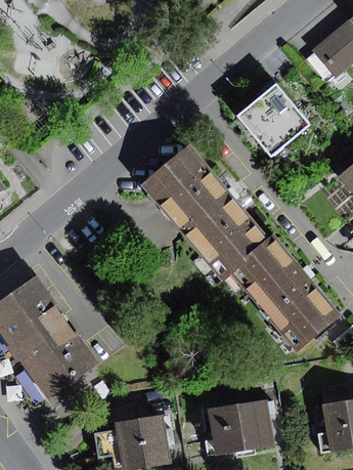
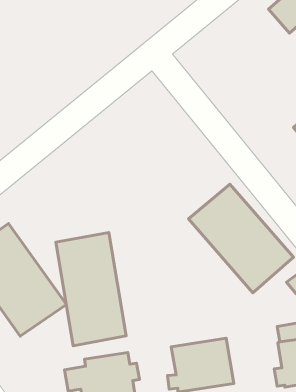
building: [237,83,310,156] -> none
building: [141,146,266,279] -> none
building: none -> [56,232,126,346]

